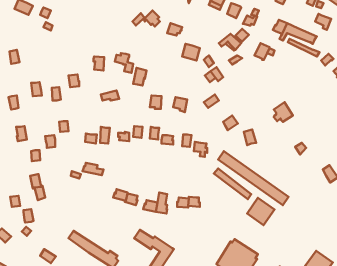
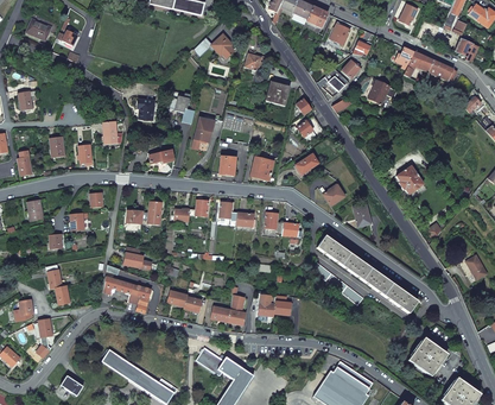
building: none -> [104,276,152,312]
building: [247,198,274,225] -> [408,337,448,376]

